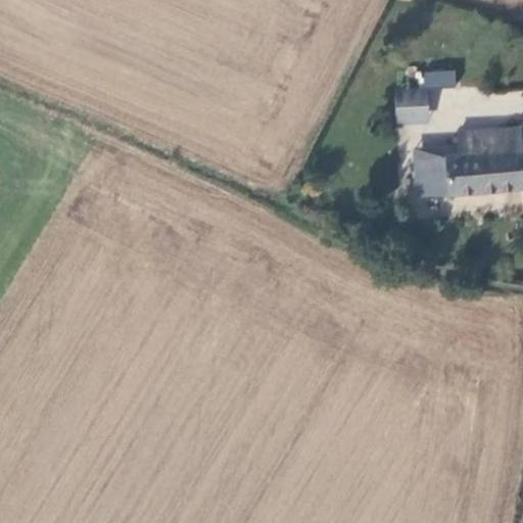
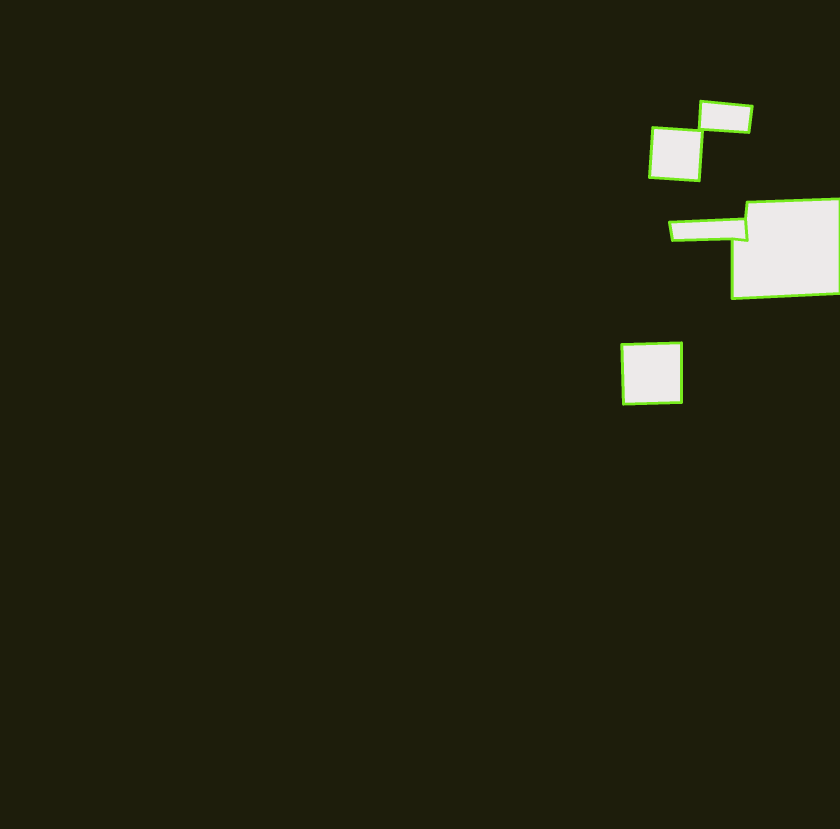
building: [415,158,451,196] -> [622,343,681,404]

